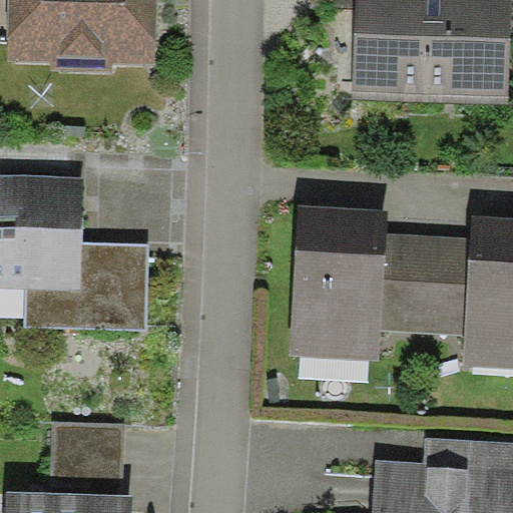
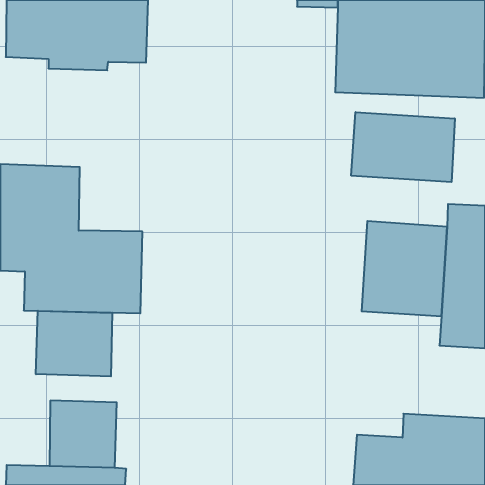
building: none -> [351,112,455,182]
building: [289,203,390,360] -> none
building: none -> [36,311,112,376]

